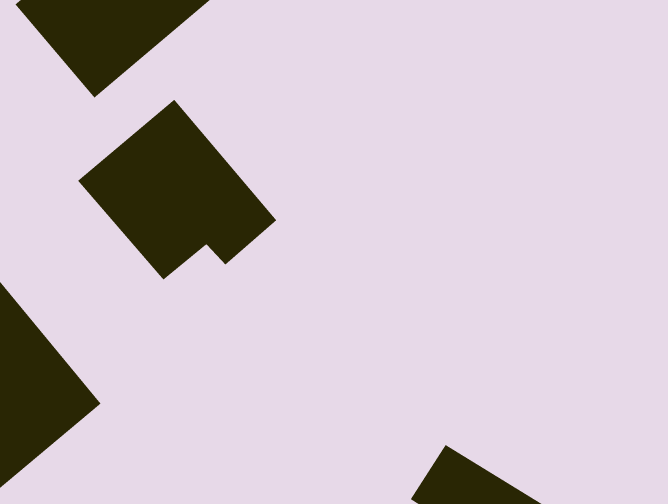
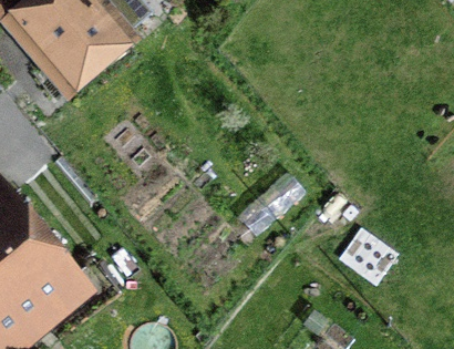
building: [77,99,277,281] -> none

